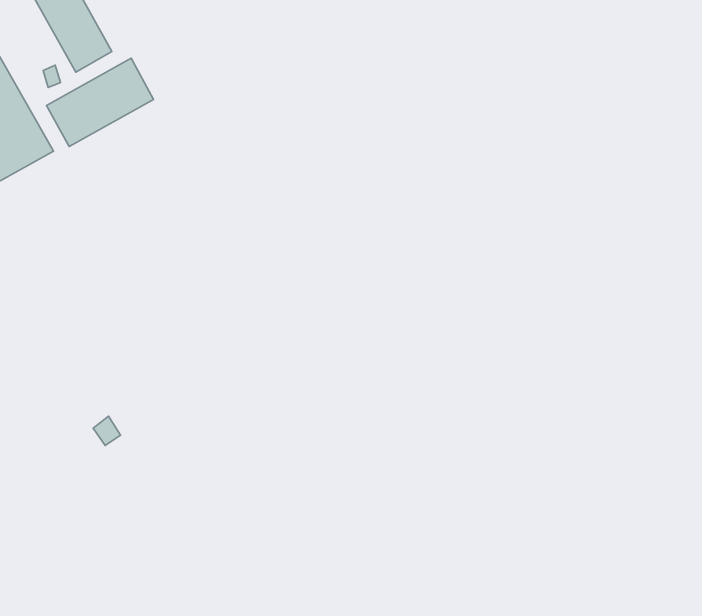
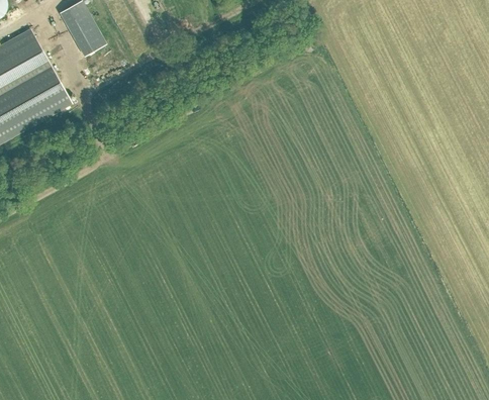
building: [47,58,154,147] -> none

